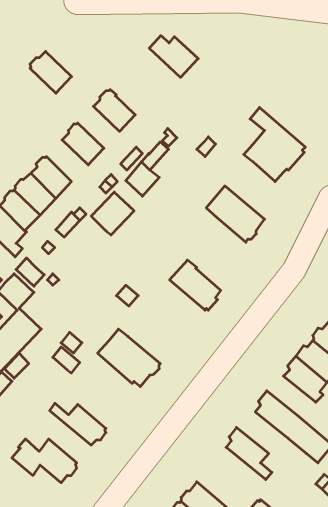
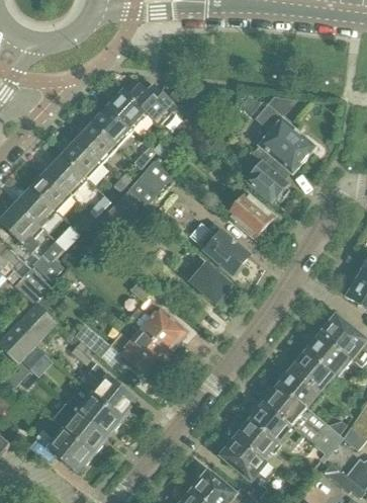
building: [149,36,198,77] -> [128,84,176,124]
building: [30,51,72,93] -> [92,106,132,147]
building: none -> [62,139,102,179]
building: none -> [245,160,289,202]
building: none -> [195,223,249,274]
building: none -> [126,300,185,355]
building: none -> [88,364,134,418]
building: none -> [275,367,323,407]
building: none -> [54,396,105,451]
building: none -> [246,402,295,442]
building: none -> [219,436,274,484]

